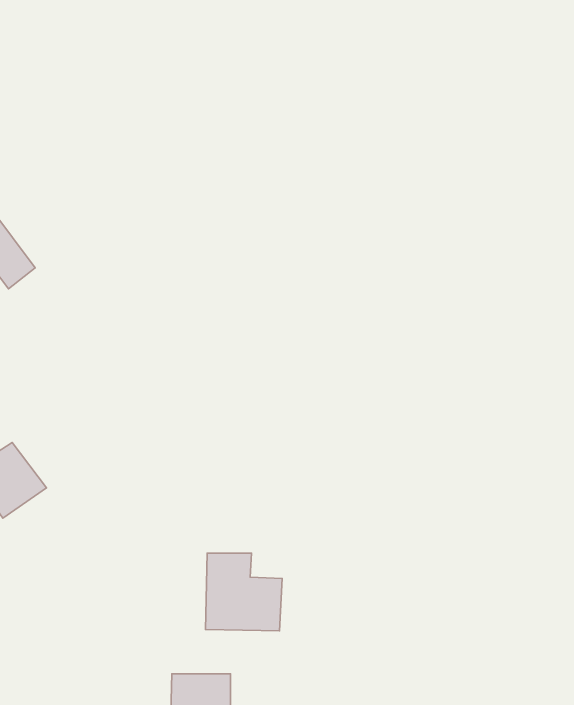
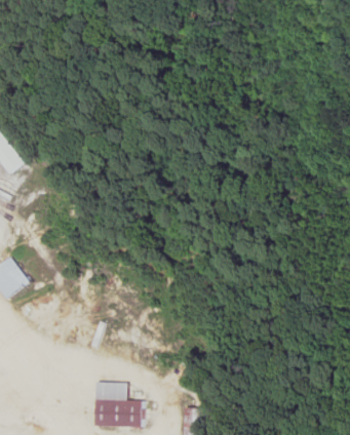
building: [206,553,282,631] -> none

